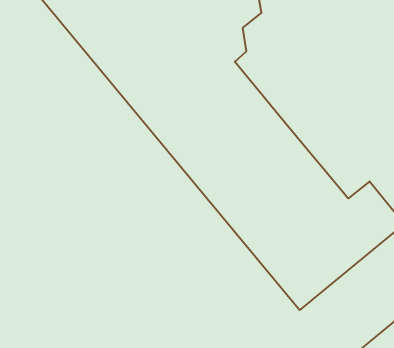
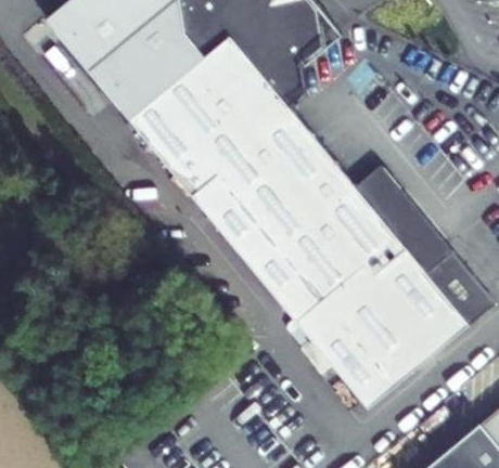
building: none -> [354,166,451,273]

